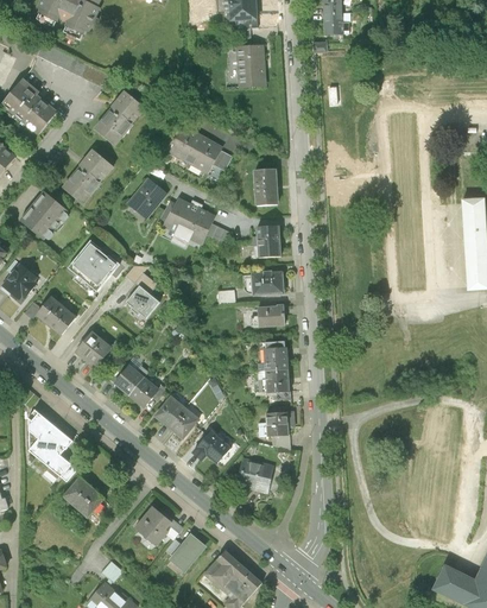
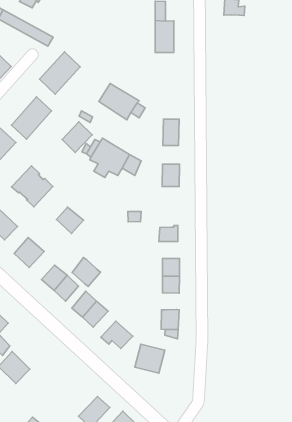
building: [253,273,282,294] -> none
building: none -> [72,257,101,287]
building: [134,499,177,540] -> none

